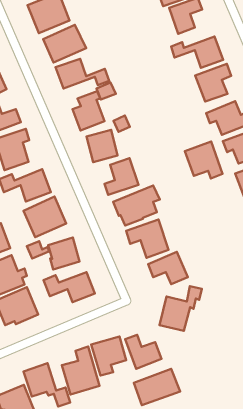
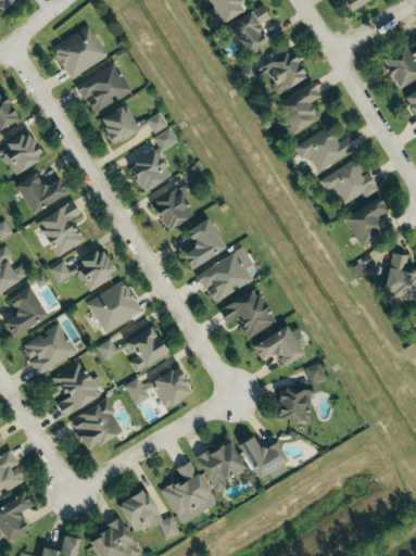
building: [185,141,223,178] -> none
building: [134,369,180,405] -> none

